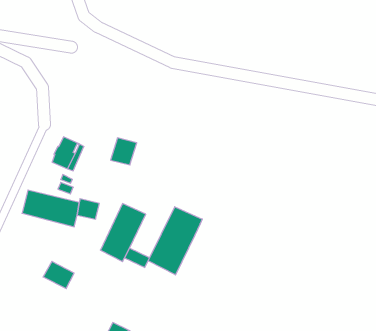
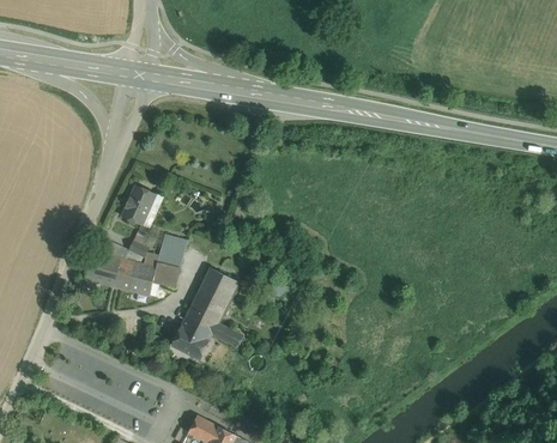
building: [111,138,137,165] -> [156,235,188,268]
building: [148,207,202,275] -> none
building: [43,261,74,289] -> [170,326,208,359]

